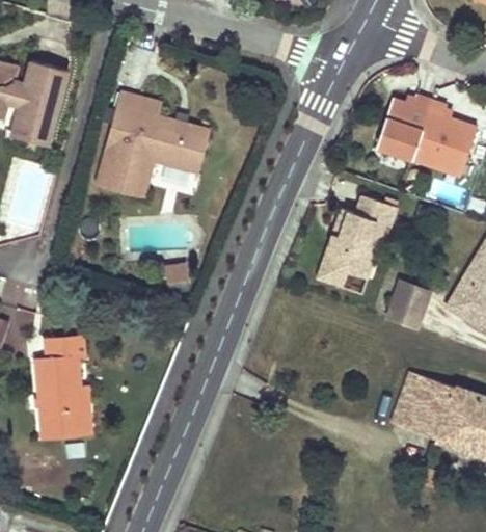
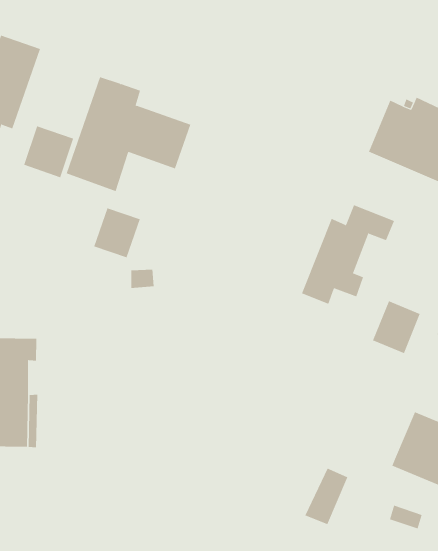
building: none -> [23,125,74,178]
building: none -> [94,208,140,258]
building: [393,372,430,424] -> [305,468,348,525]

